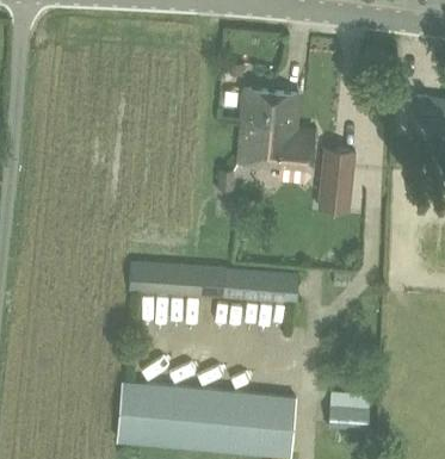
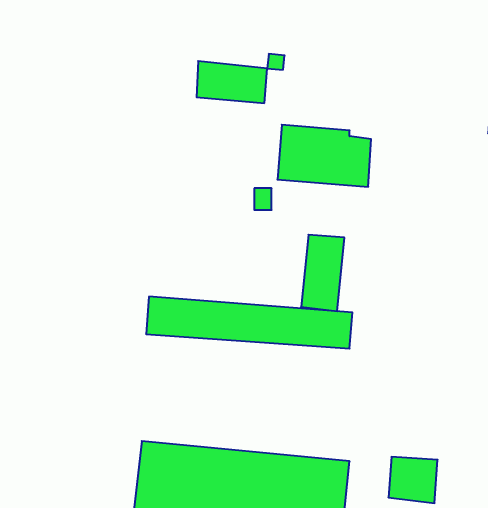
building: [240,89,298,124] -> [197,61,267,103]
building: [317,148,353,211] -> [301,235,344,311]

